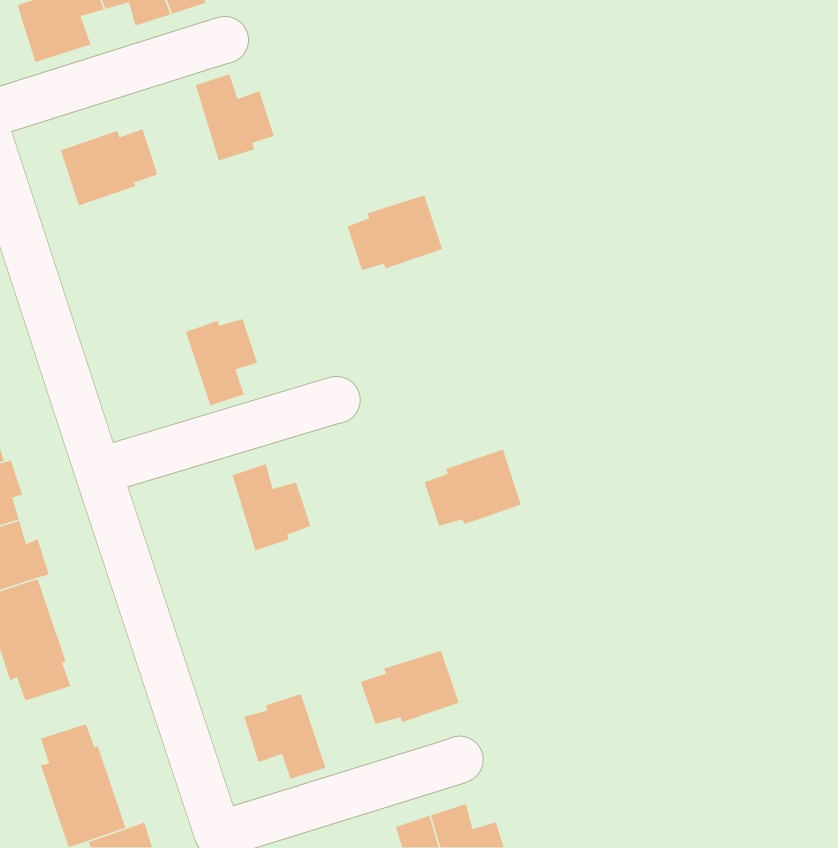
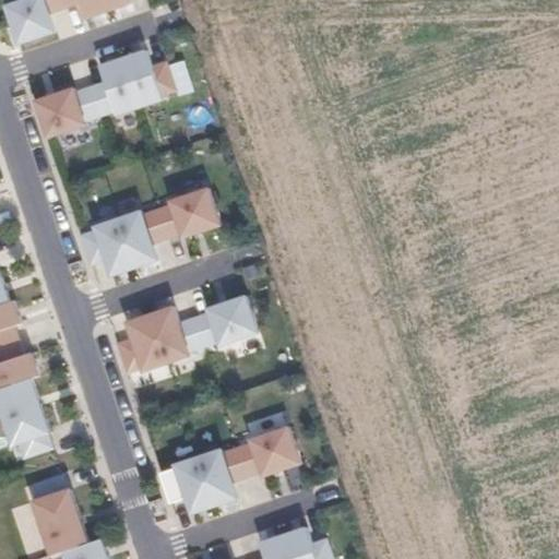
building: none -> [94,56,143,115]
building: [346,194,443,271] -> [159,188,223,238]
building: none -> [83,217,138,274]
building: [424,448,522,527] -> [194,294,259,345]
building: none -> [118,311,167,371]
building: none -> [198,447,246,503]

